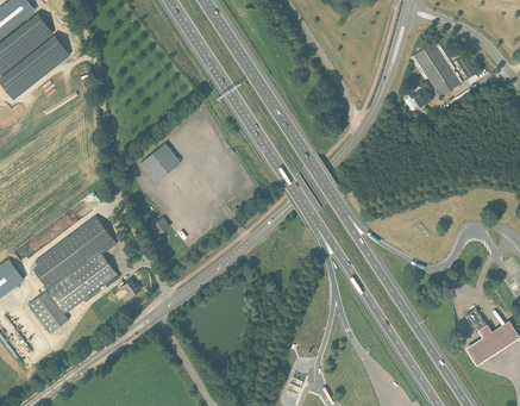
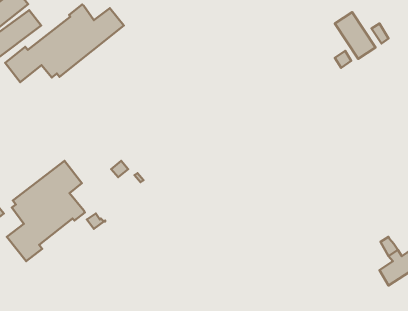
building: none -> [5,5,124,82]
building: [140,143,181,183] -> none

